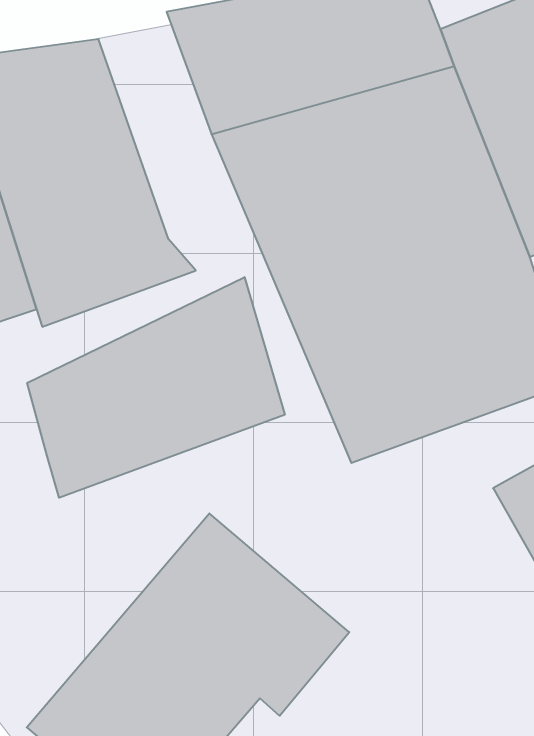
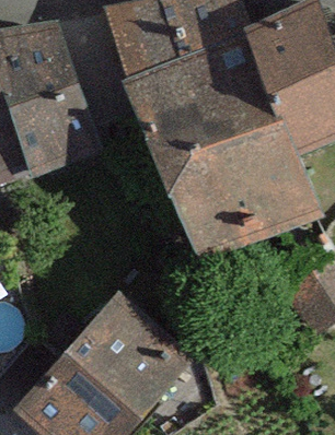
building: [27,277,285,498] -> none

